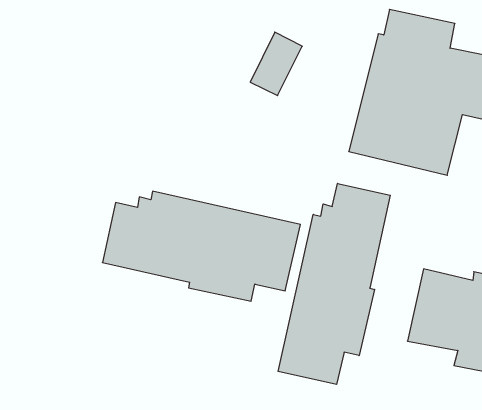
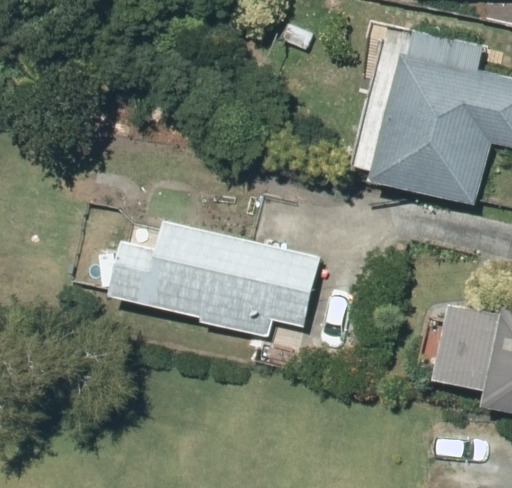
building: [278,183,390,384] -> none

